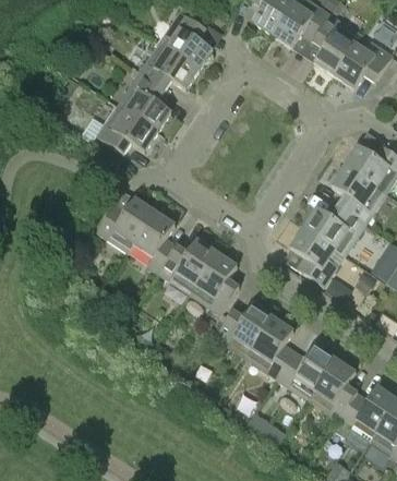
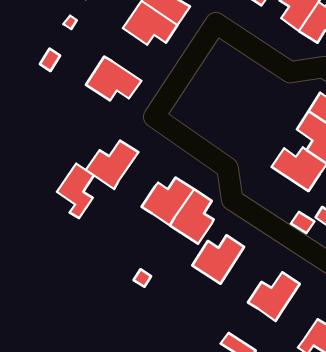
building: [117,72,171,131] -> none
building: [133,211,175,272] -> [57,164,94,218]
building: [290,227,345,286] -> none
building: [246,316,293,378] -> none
building: [308,358,358,420] -> none

